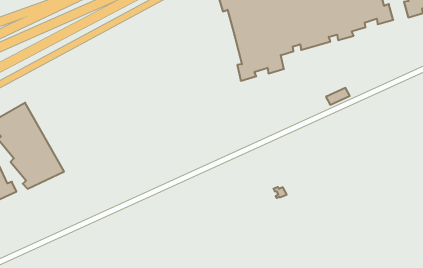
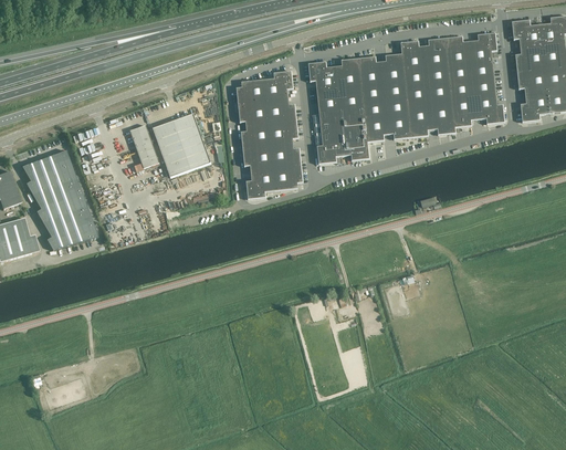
building: none -> [237,71,304,199]
building: none -> [154,113,211,176]
building: none -> [130,124,159,167]

